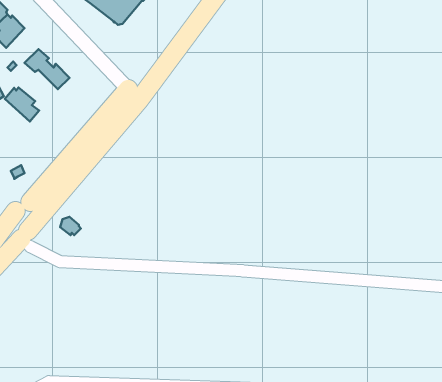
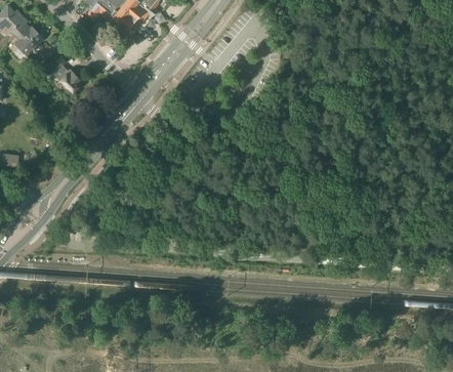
building: [5,88,39,121] -> none

